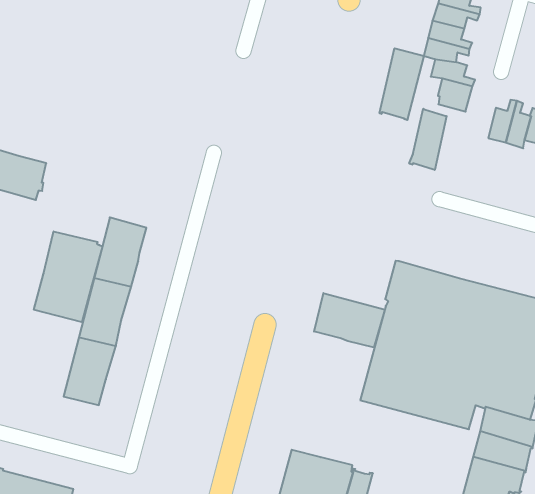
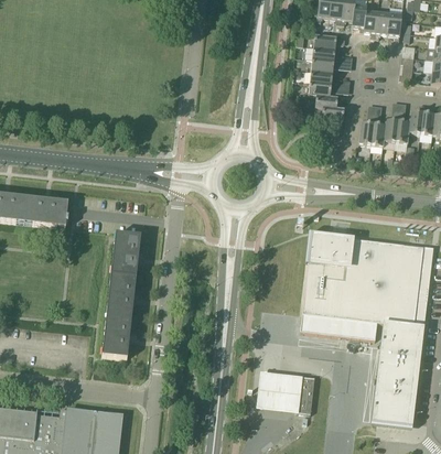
building: [380,48,424,120] -> none
building: [409,109,447,170] -> none
building: [34,231,102,322] -> none
building: [314,293,385,347] -> none

